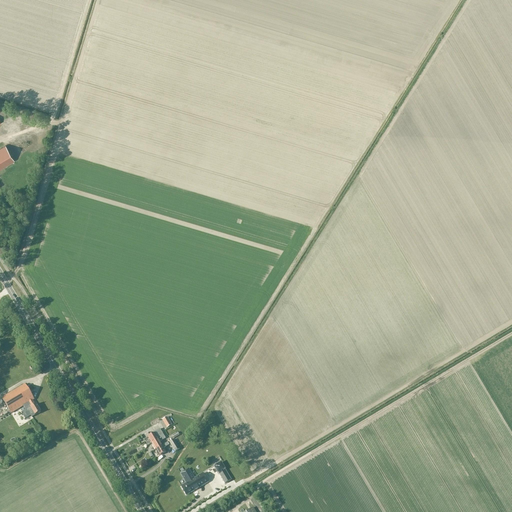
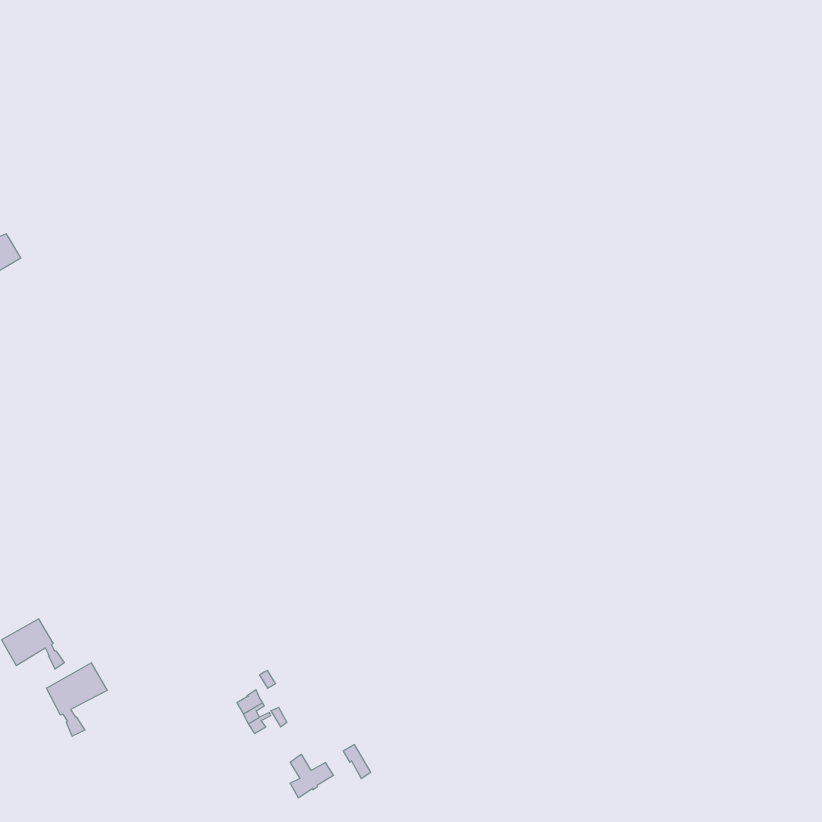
building: none -> [46,663,107,736]

